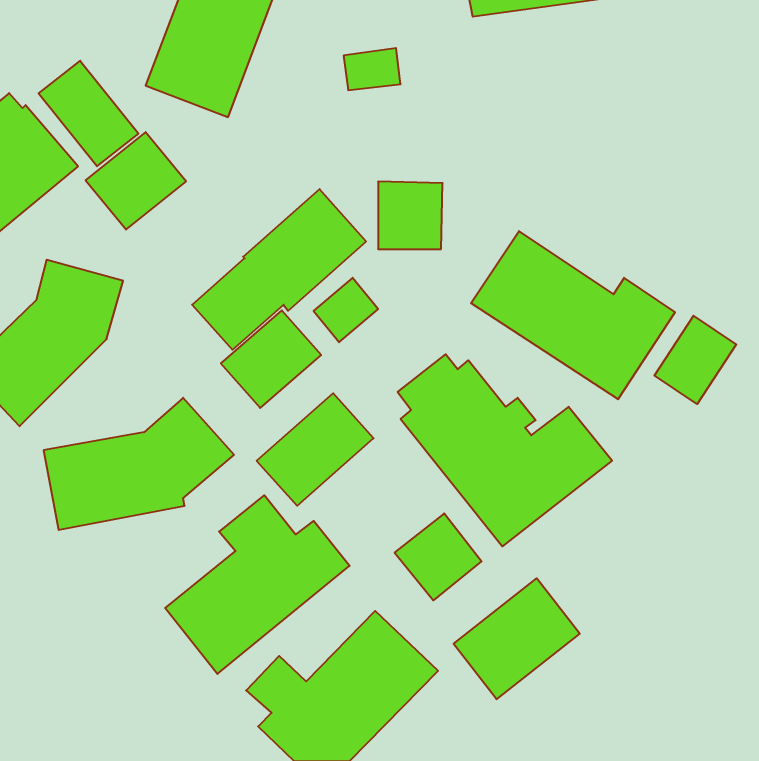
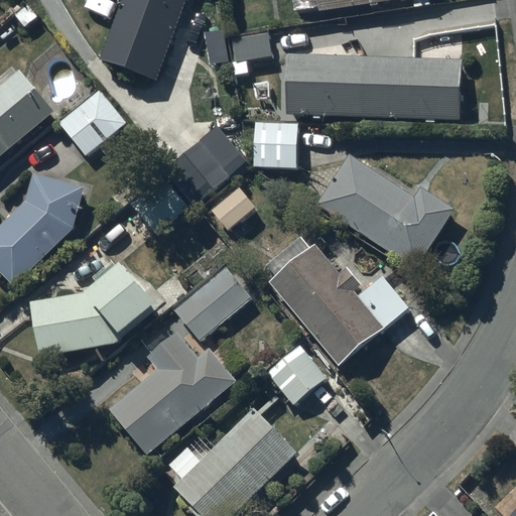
building: [39,61,138,166] -> none
building: none -> [285,44,460,119]
building: [221,310,321,408] -> none
building: [654,316,736,404] -> none
building: [454,578,580,699] -> none

